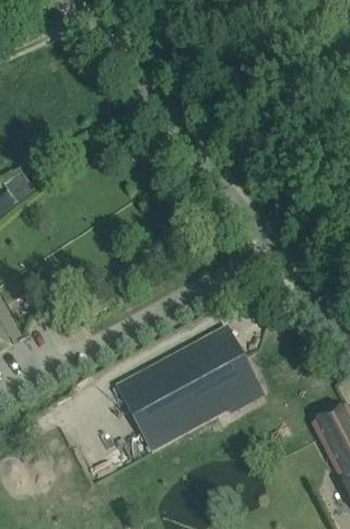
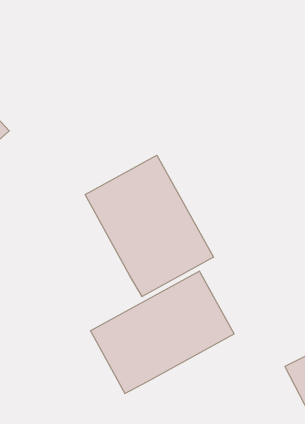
building: none -> [85,155,214,297]

